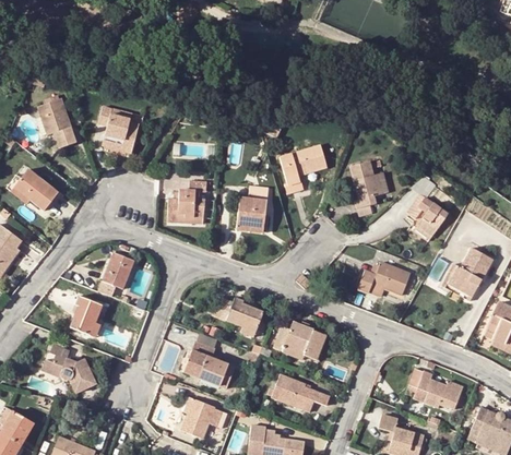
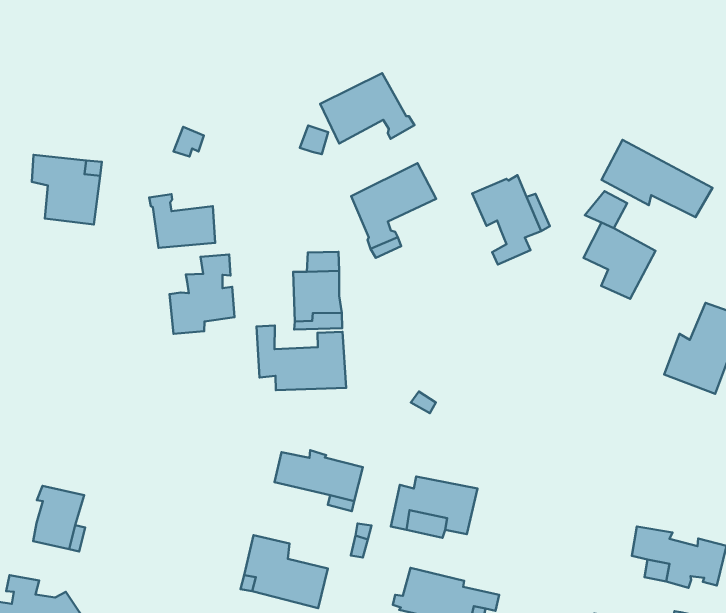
building: none -> [320,73,415,143]
building: none -> [149,194,215,248]
building: none -> [601,140,712,217]
building: none -> [257,326,346,390]
building: [103,252,135,288] -> none
building: [357,262,411,294] -> none

